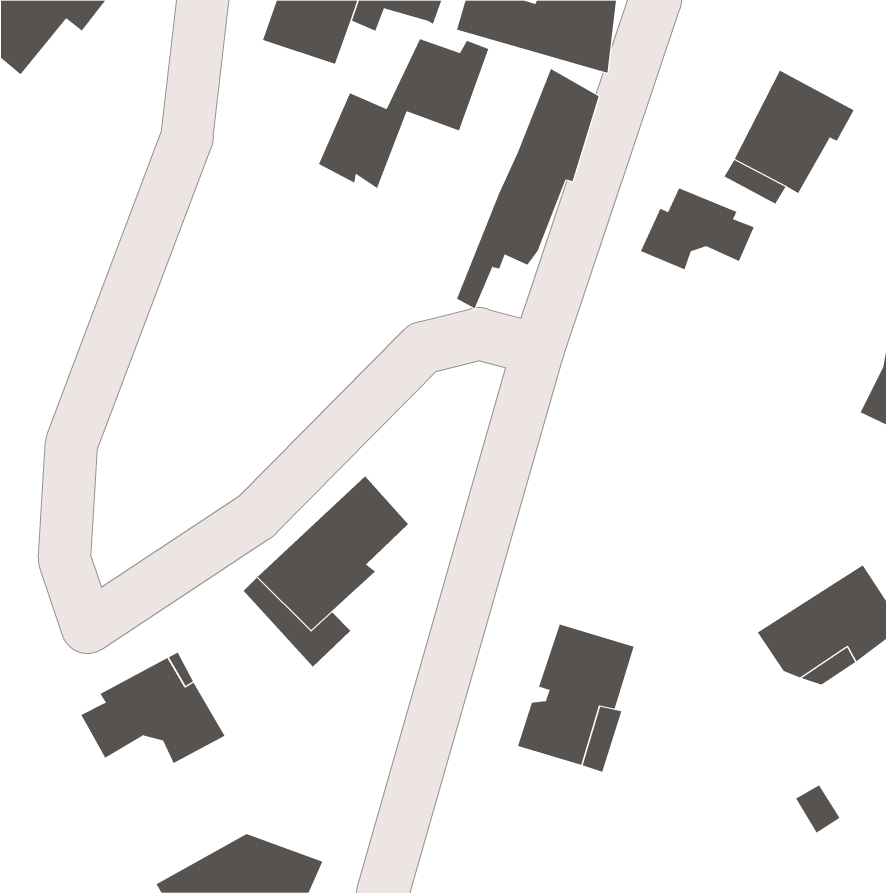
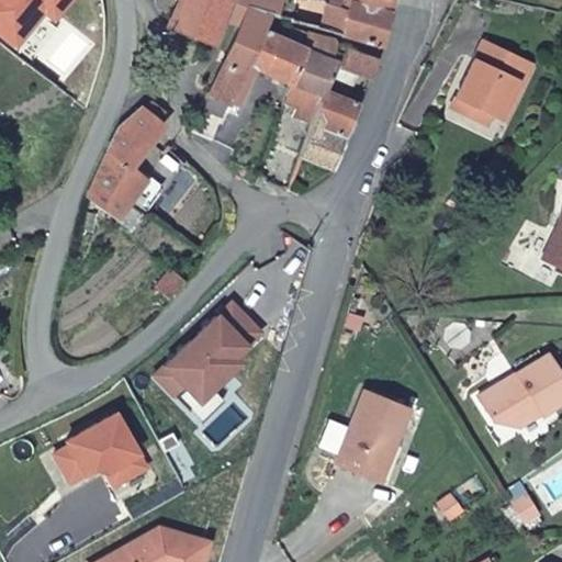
building: none -> [224,5,272,68]
building: none -> [285,31,350,122]
building: none -> [93,103,164,213]
building: [640,187,755,270] -> none

